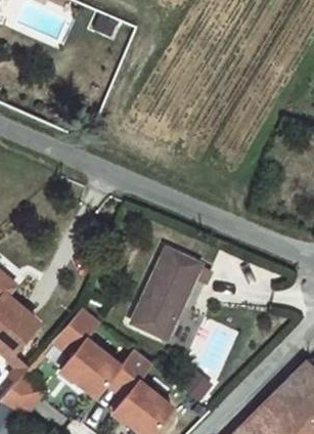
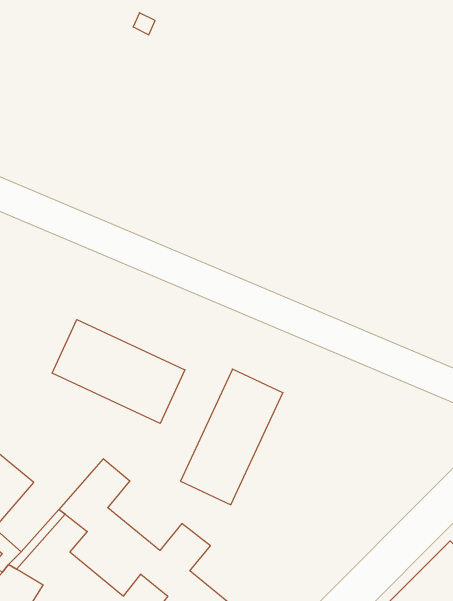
building: none -> [52,320,185,423]

